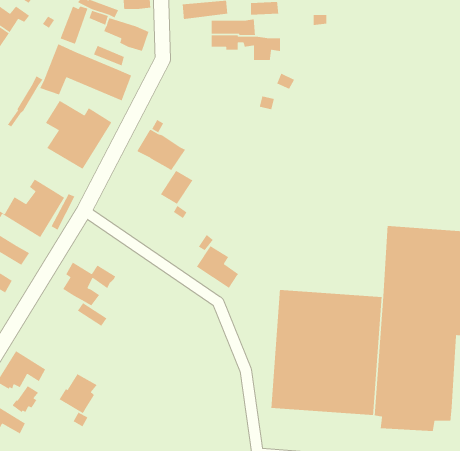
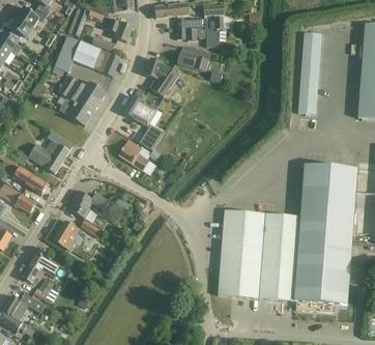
building: none -> [298,32,321,115]
building: none -> [177,48,219,69]
building: none -> [145,58,181,96]
building: [196,245,239,289] -> [118,139,149,170]
building: [58,373,98,414] -> [52,221,80,250]

